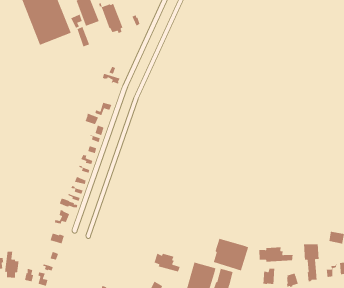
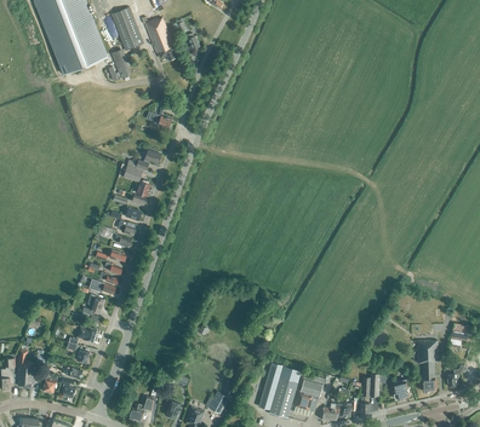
building: [213,238,249,272] -> none
building: [259,247,293,262] -> none
building: [153,253,181,273] -> none

